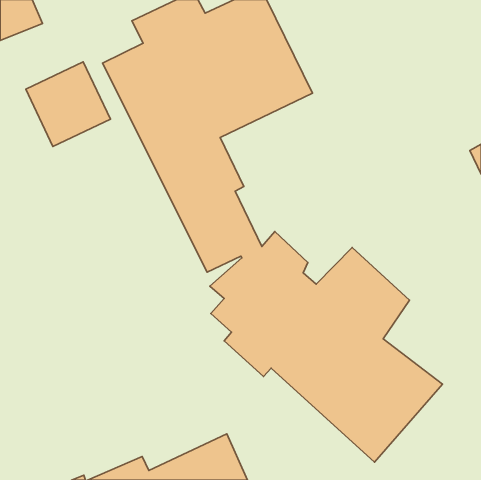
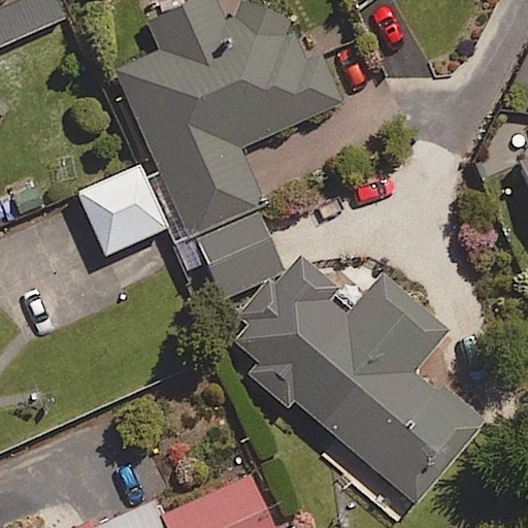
building: [26,62,110,147] -> [75,164,168,257]

